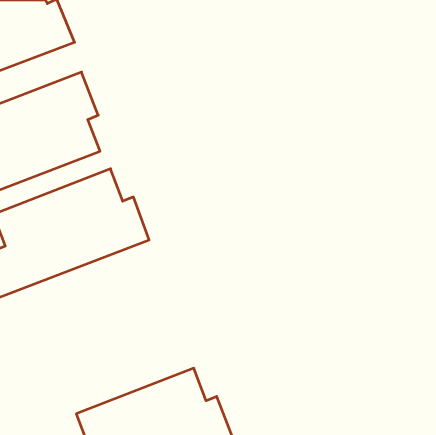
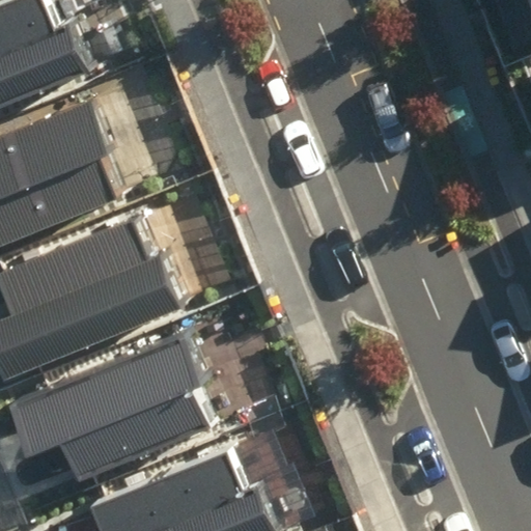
building: none -> [11,332,214,478]

